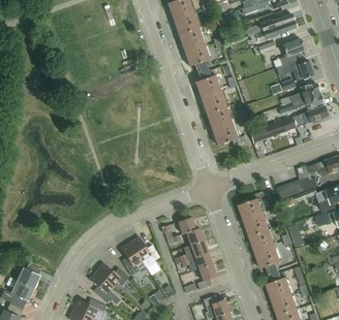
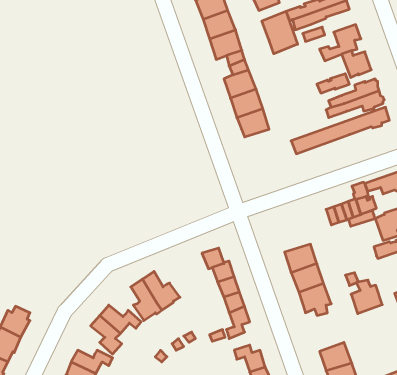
building: none -> [262,11,298,54]
building: [212,123,246,146] -> none
building: [239,192,266,221] -> none
building: [267,274,291,300] -> [351,280,382,314]

